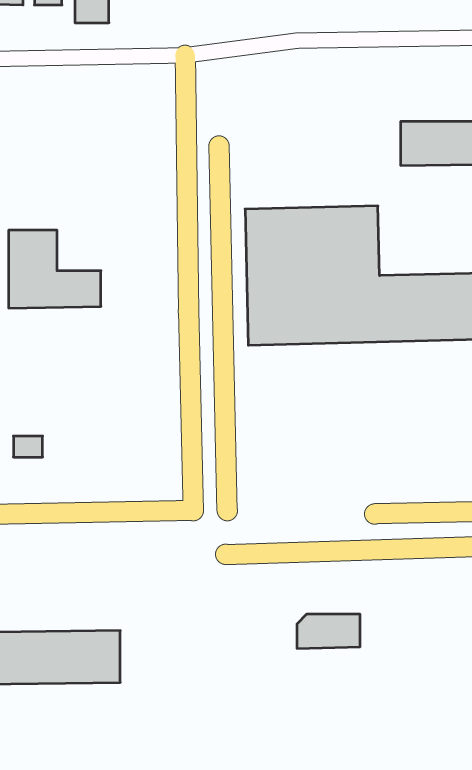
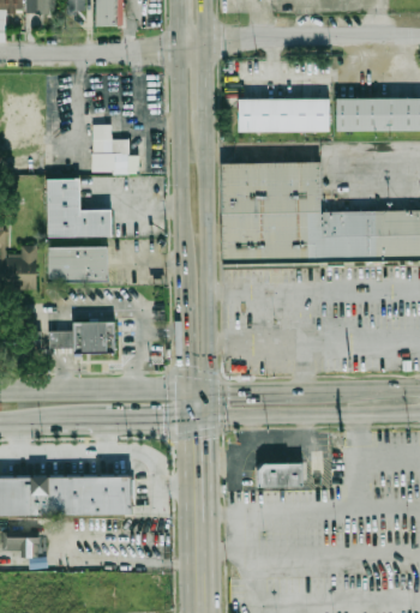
building: none -> [239,98,330,133]
building: none -> [91,124,132,173]
building: none -> [48,247,110,284]
building: none -> [76,321,119,354]

